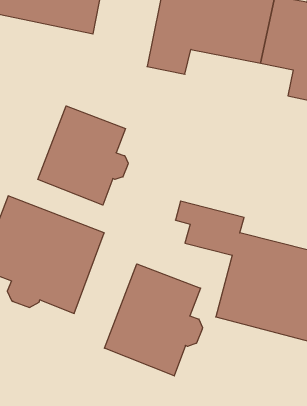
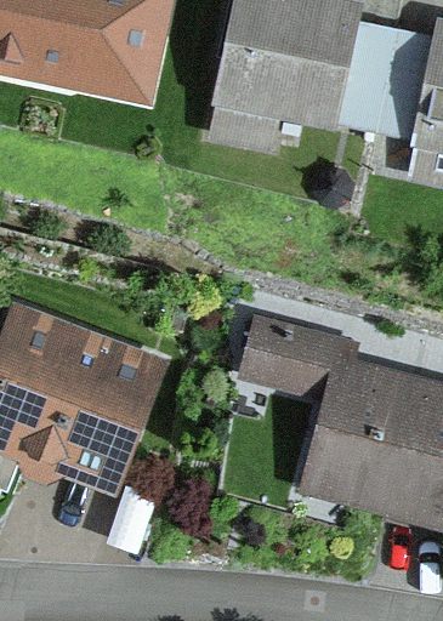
building: [38,106,128,205] -> none
building: [104,264,203,376] -> none

